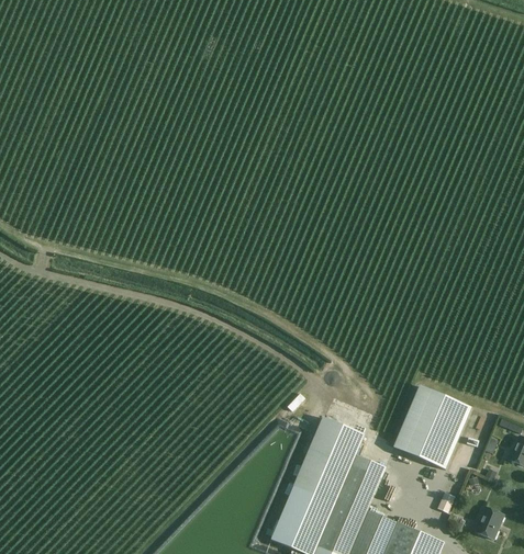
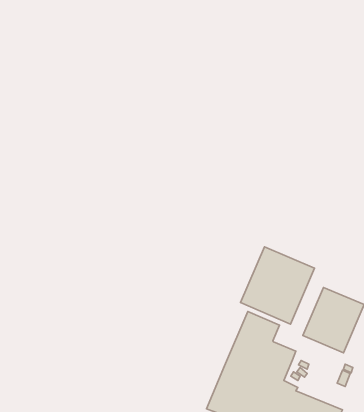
building: none -> [241,247,314,324]

